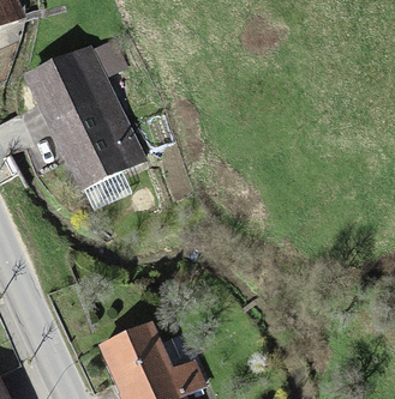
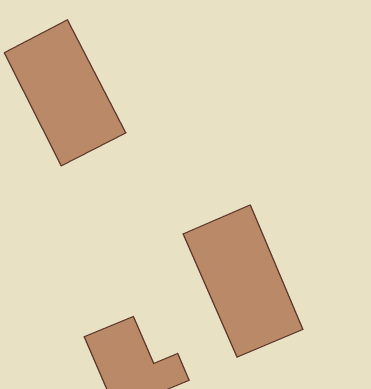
building: none -> [183,205,303,357]

